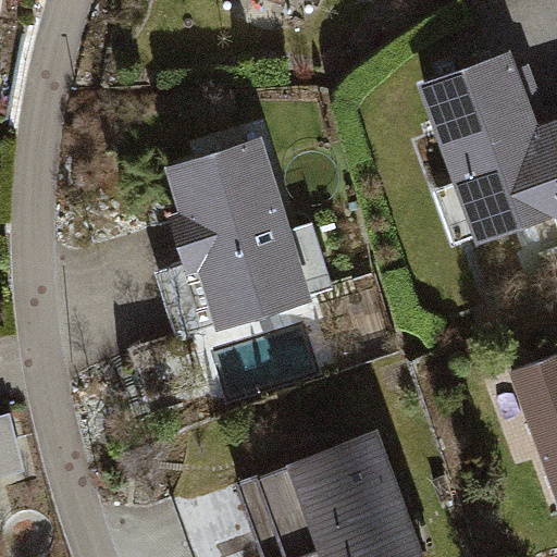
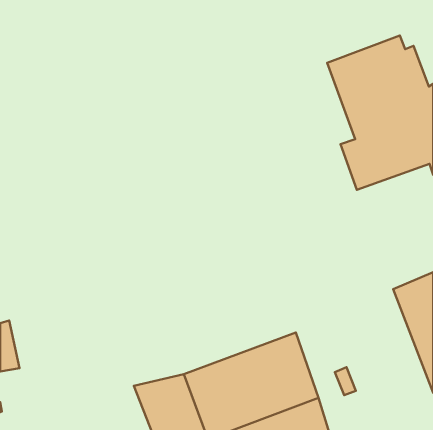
building: [157,138,333,347] -> none

